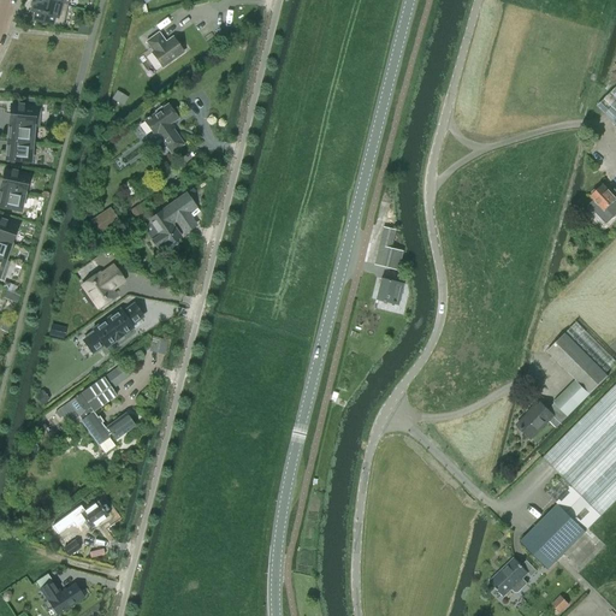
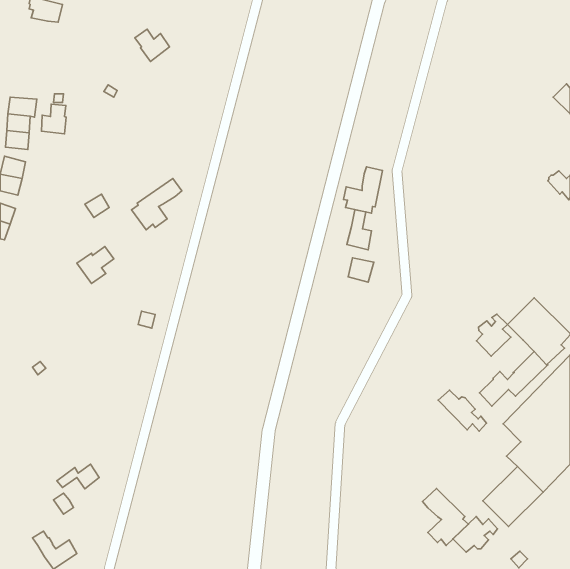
building: [144,103,184,153] -> none
building: none -> [41,104,66,134]
building: none -> [343,167,382,213]
building: [83,303,142,351] -> none
building: none -> [477,314,511,356]
building: [58,365,134,444] -> none
building: none -> [438,390,487,431]
building: none -> [423,488,468,545]

